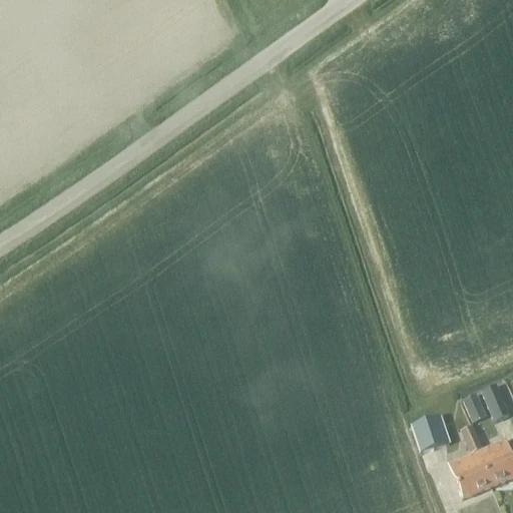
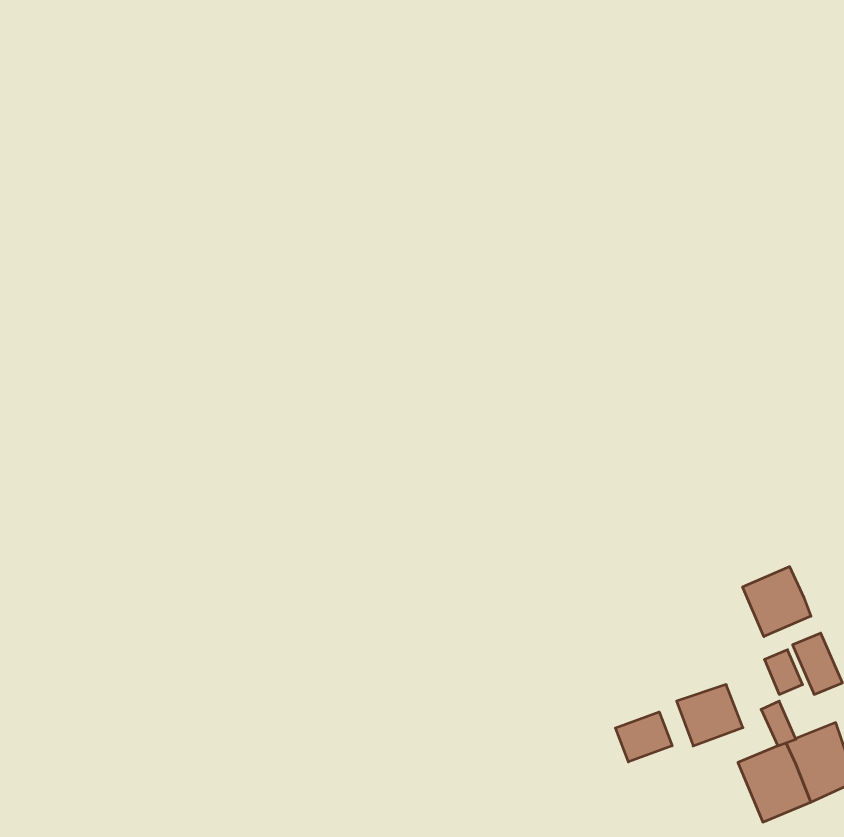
building: none -> [743,567,811,637]
building: none -> [615,712,672,762]

